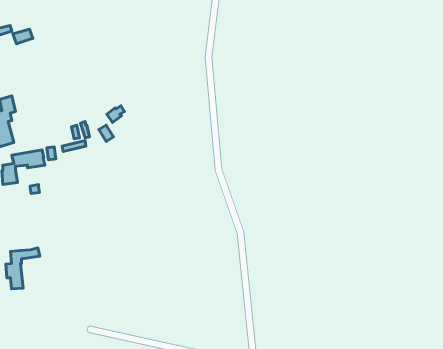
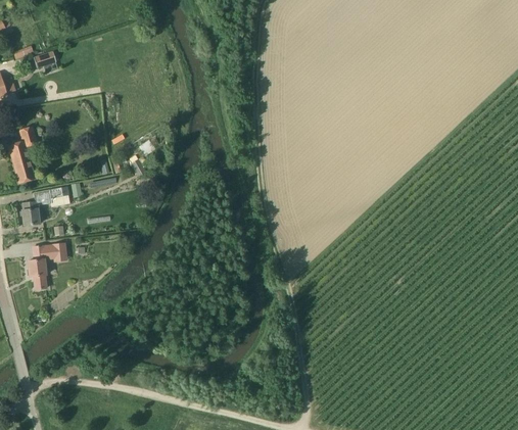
building: [6,248,40,289] -> [28,243,65,289]

